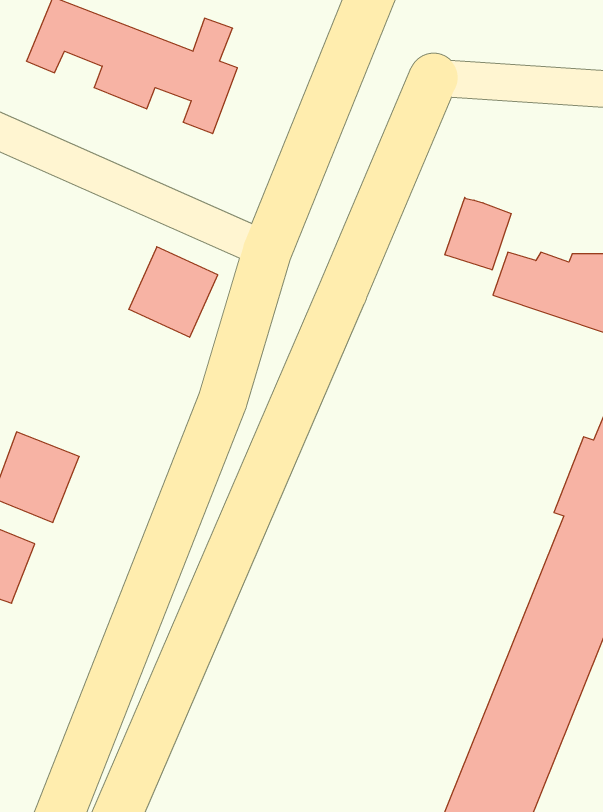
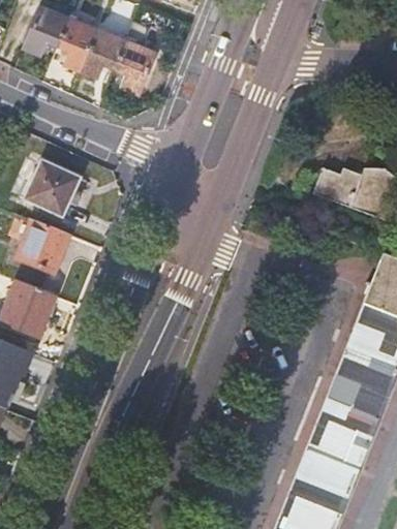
building: [445,197,511,270] -> none
building: [129,247,218,337] -> [25,160,81,217]
building: none -> [17,219,68,273]

